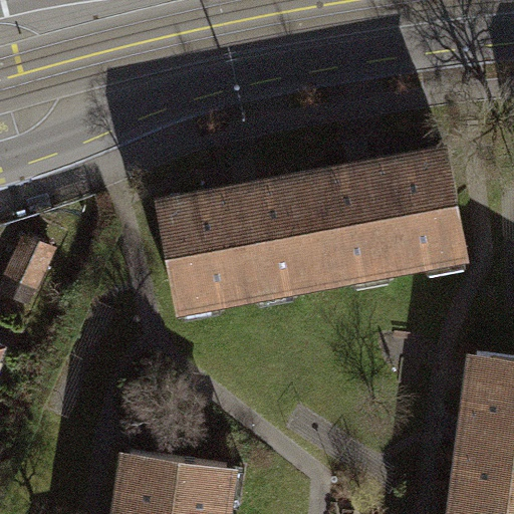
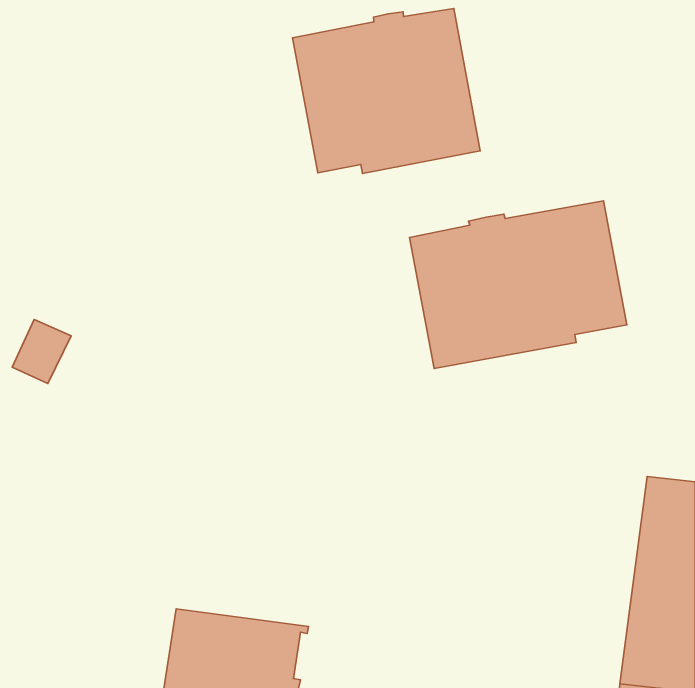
building: none -> [292,8,480,173]
building: [158,182,319,299] -> none

